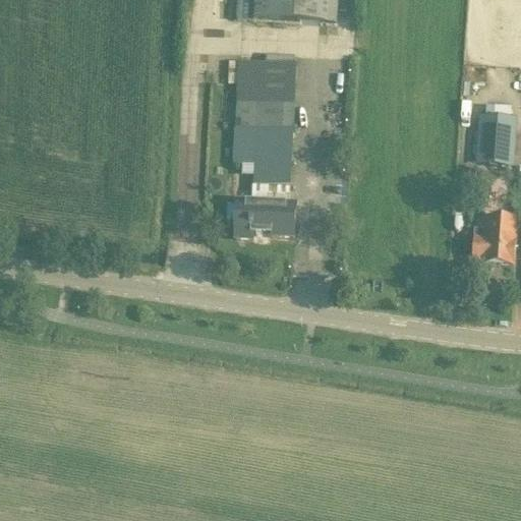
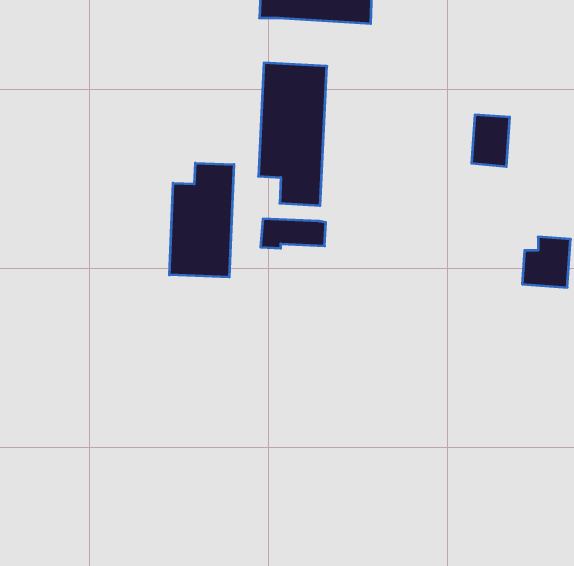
building: [476,114,511,161] -> [472,115,510,167]
building: none -> [169,163,234,277]

